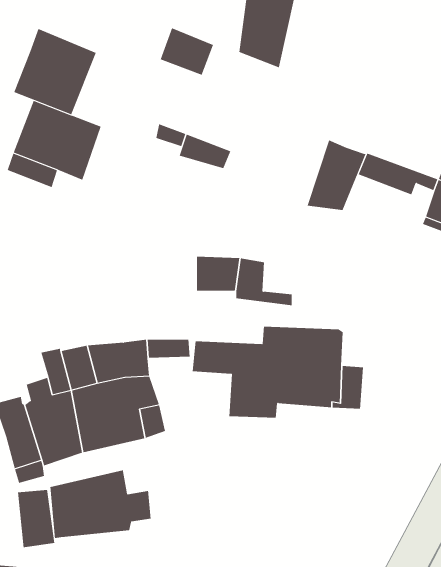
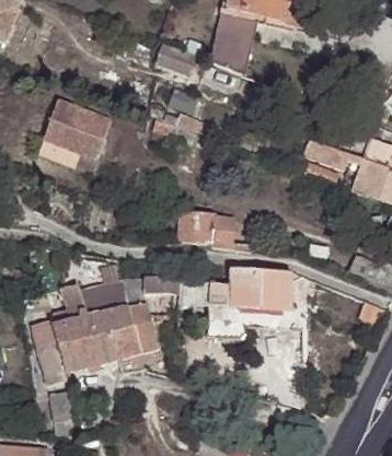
building: [14,28,96,115] -> none
building: [307,139,367,211] -> none
building: [50,469,151,539] -> none

